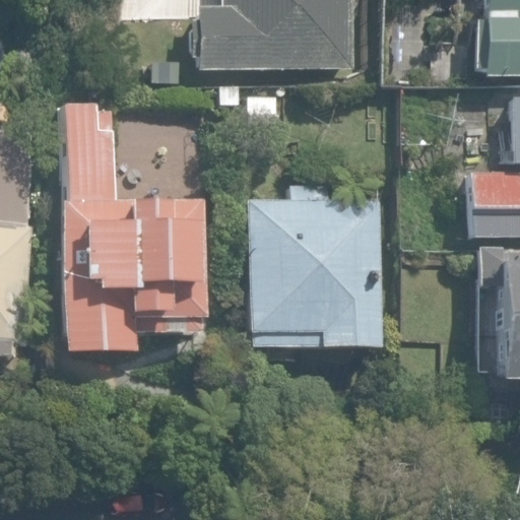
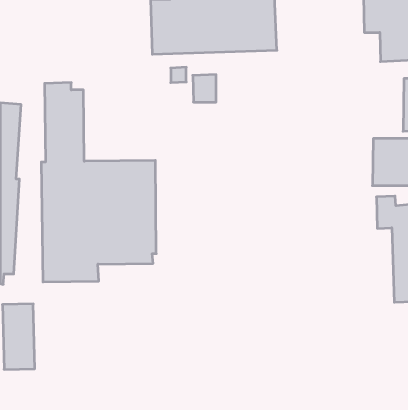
building: [247,184,380,345] -> none

